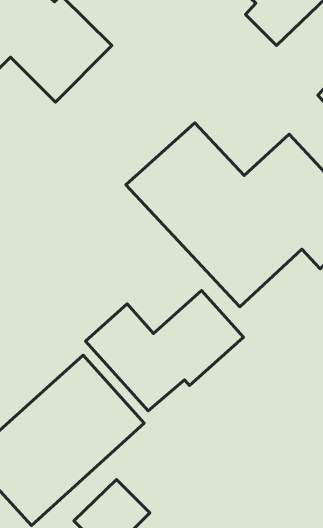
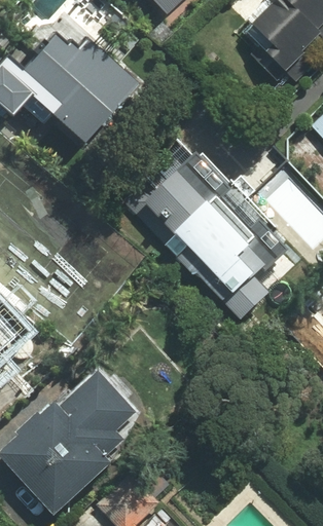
building: [85,290,243,411] -> none

